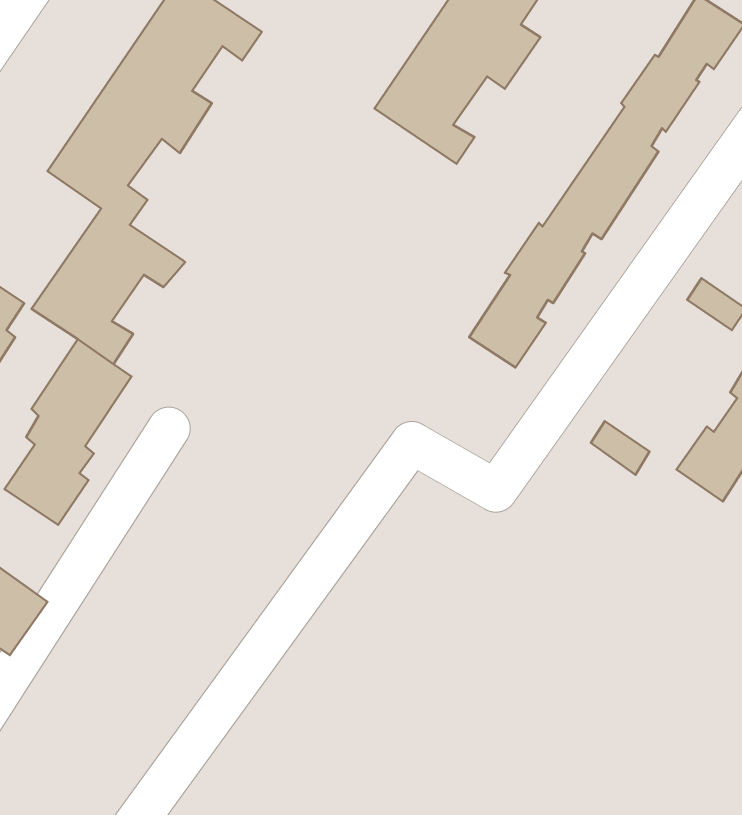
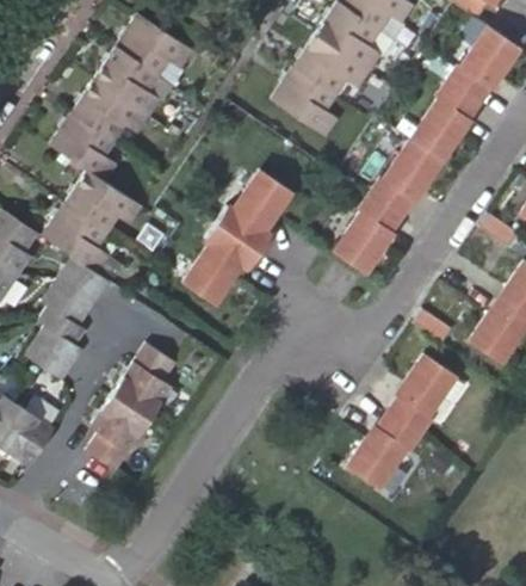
building: none -> [185,166,292,300]
building: none -> [86,345,177,473]
building: none -> [351,356,458,491]

